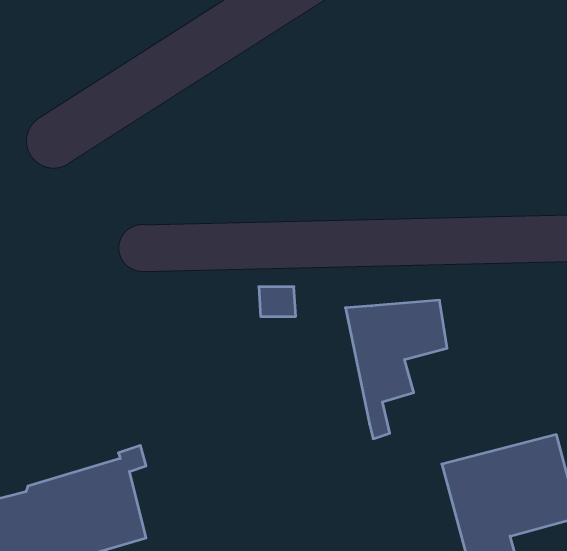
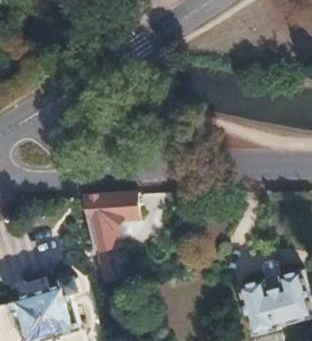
building: [345,300,447,439] -> [85,191,140,266]

